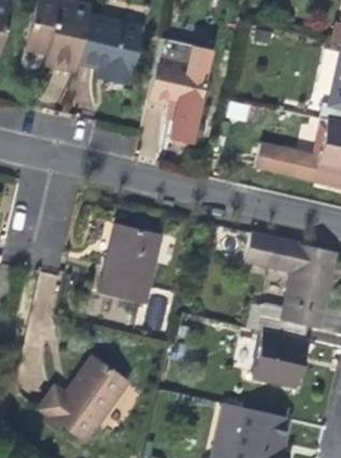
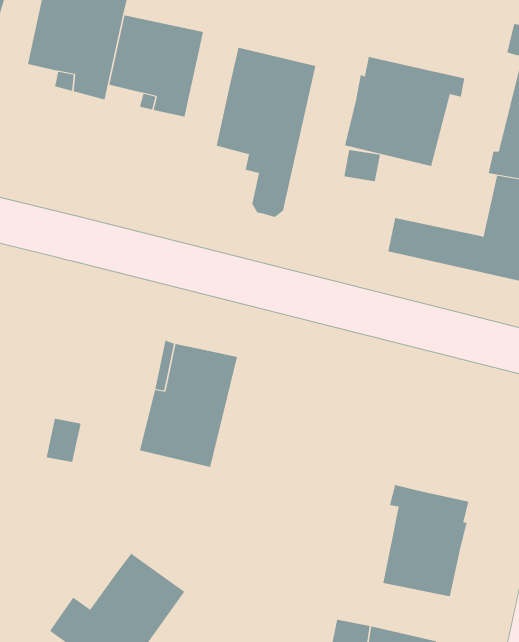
building: none -> [345,56,465,167]
building: [247,232,336,329] -> none

